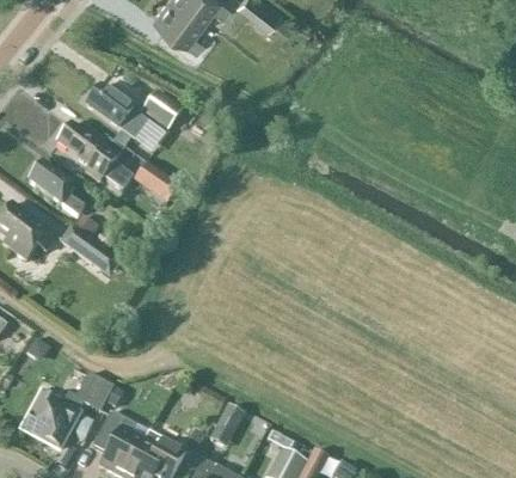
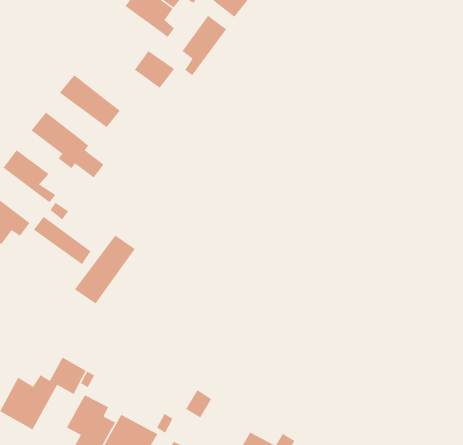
building: none -> [182,15,227,76]
building: [141,93,183,133] -> [134,50,175,89]
building: [135,165,180,206] -> none
building: none -> [74,235,136,304]

